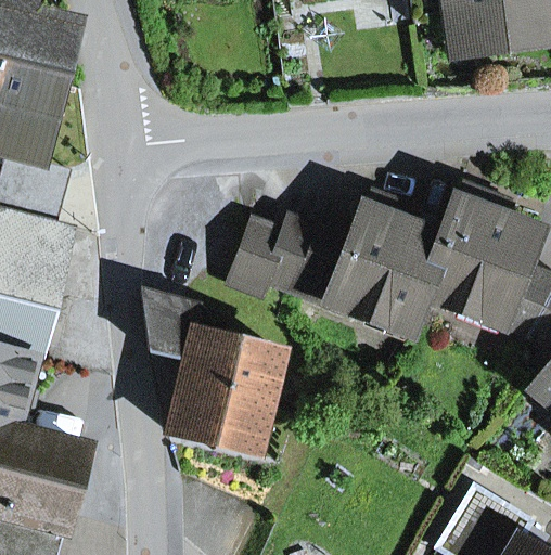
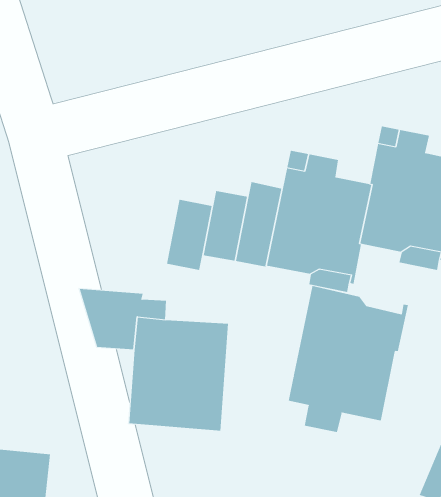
building: none -> [288,285,408,433]

